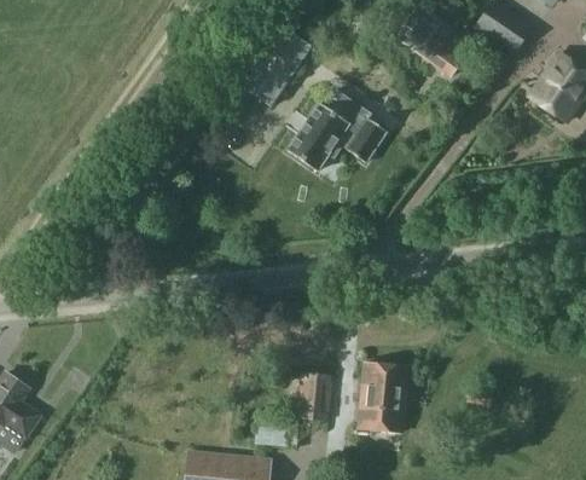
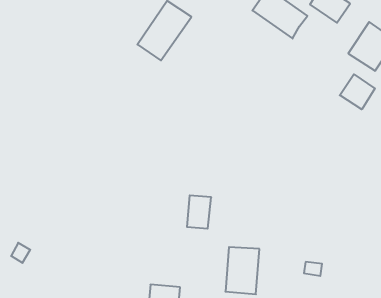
building: [288,89,385,172] -> none
building: none -> [340,74,375,109]
building: [297,374,331,420] -> [187,195,211,229]

